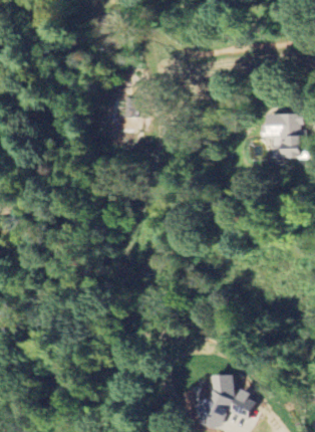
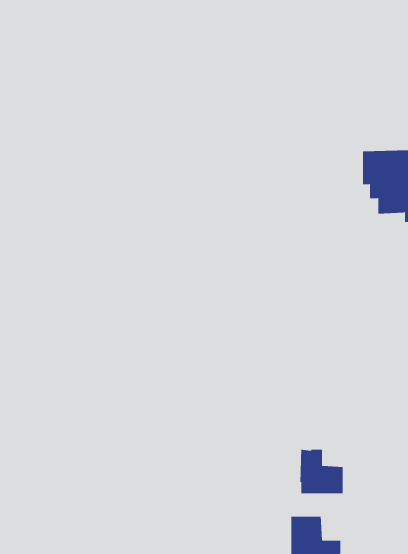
building: none -> [300,449,343,494]

